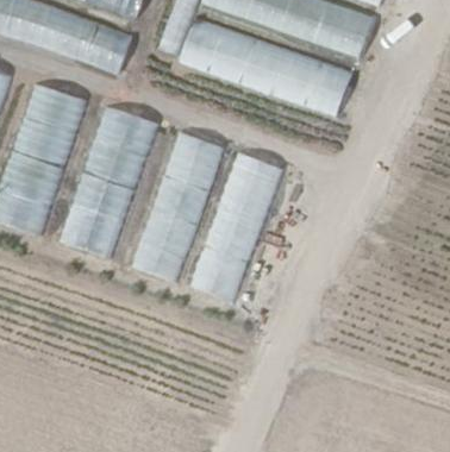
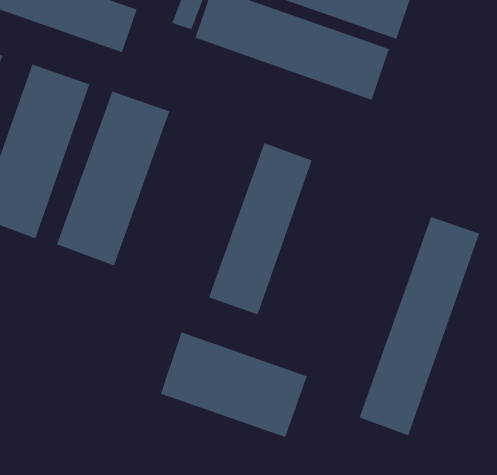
building: [131,128,225,281] -> none
building: none -> [359,216,480,436]
building: none -> [160,331,307,438]

